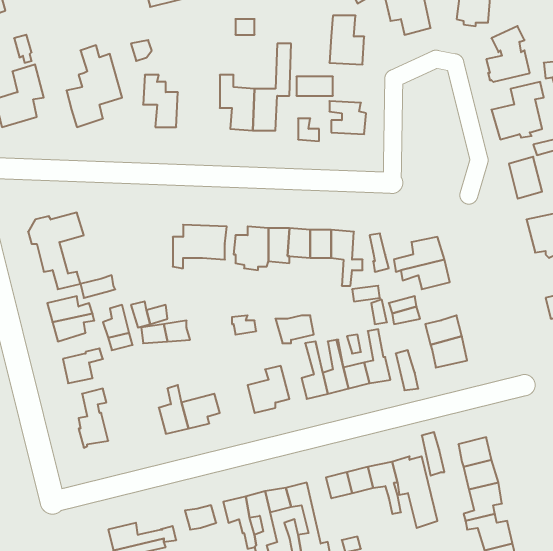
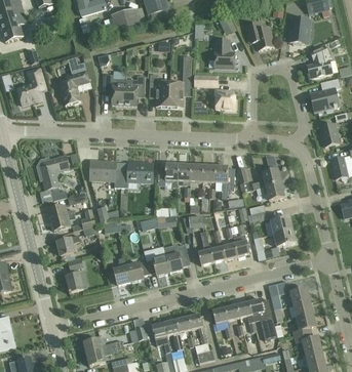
building: none -> [123,75,145,106]
building: none -> [89,160,121,187]
building: none -> [143,246,169,276]

